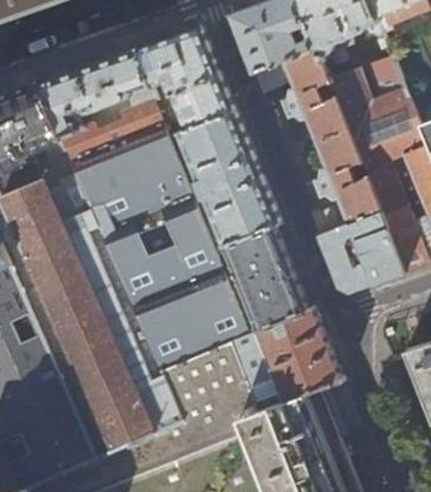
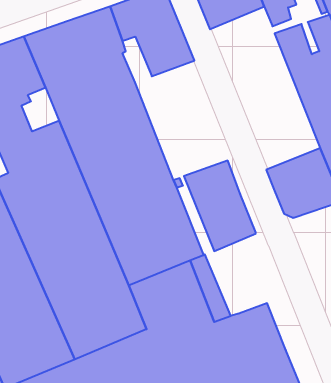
building: [252,51,379,240] -> none
building: [177,113,279,247] -> none
building: [256,310,343,406] -> none

